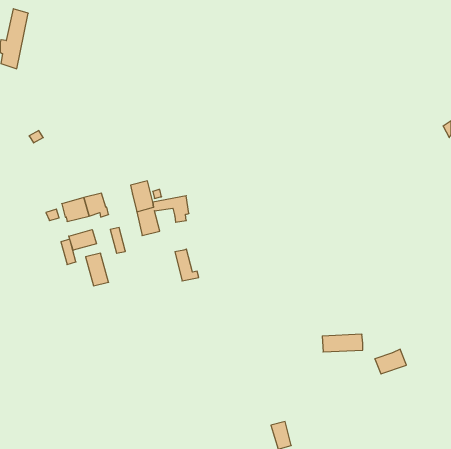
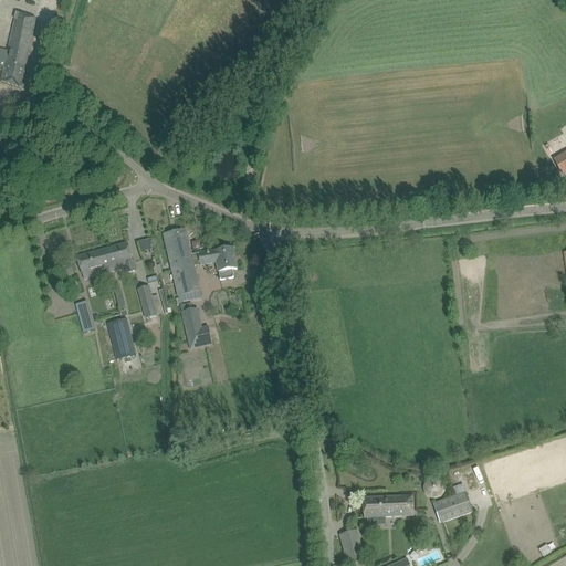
building: [69,230,96,250] -> none
building: [175,249,199,281] -> [182,307,212,347]
building: [322,334,363,352] -> [363,494,413,516]
building: [375,349,406,374] -> [433,491,473,522]

